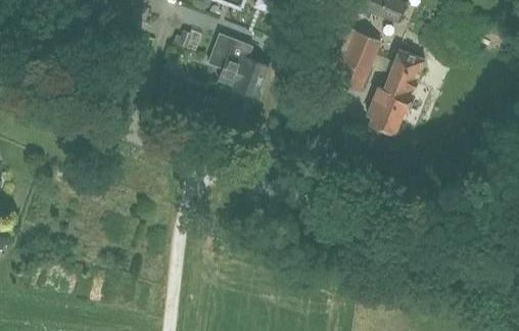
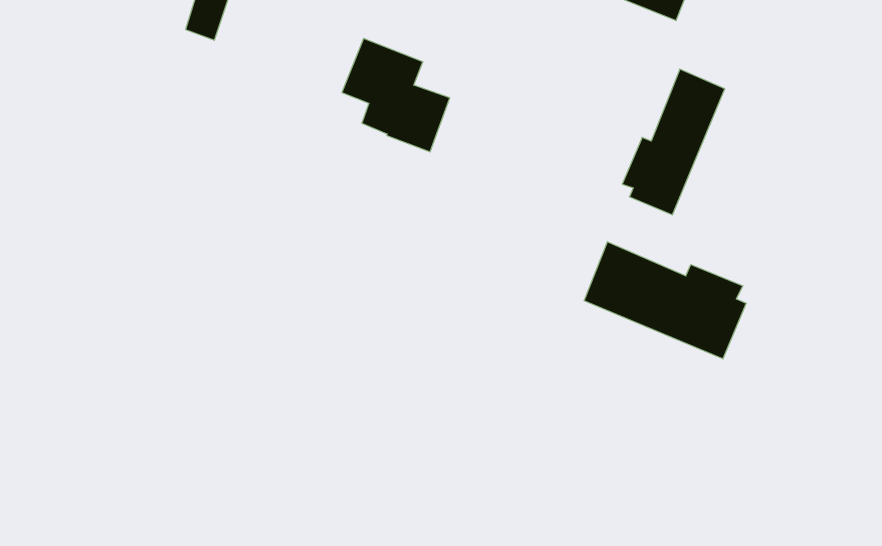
building: [335,32,380,90] -> none
building: none -> [584,242,746,359]

